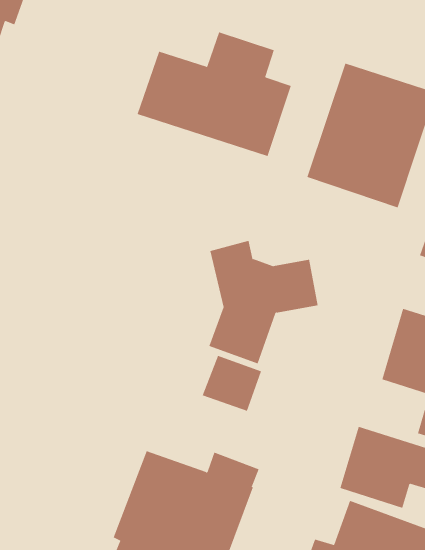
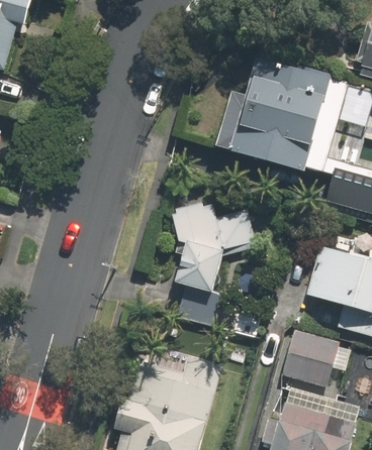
building: [137,31,292,157] -> none

